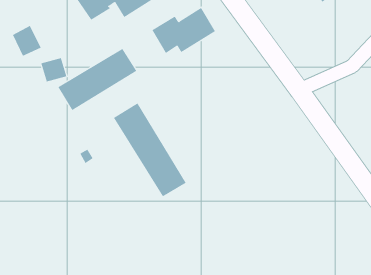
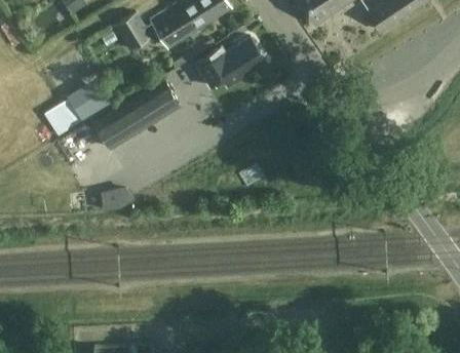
building: [12,25,41,57] -> [48,99,80,132]
building: [113,102,187,197] -> none

